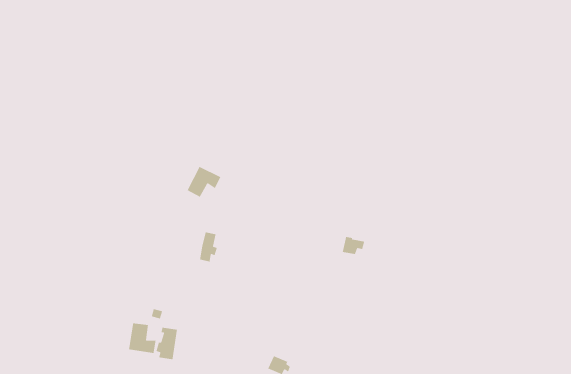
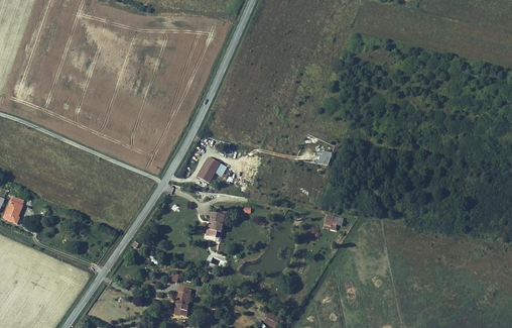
building: [128,322,156,354] -> none

